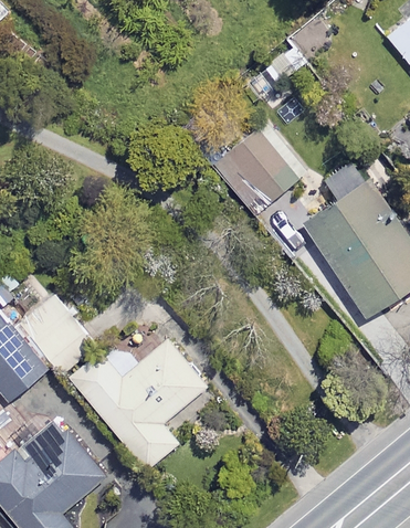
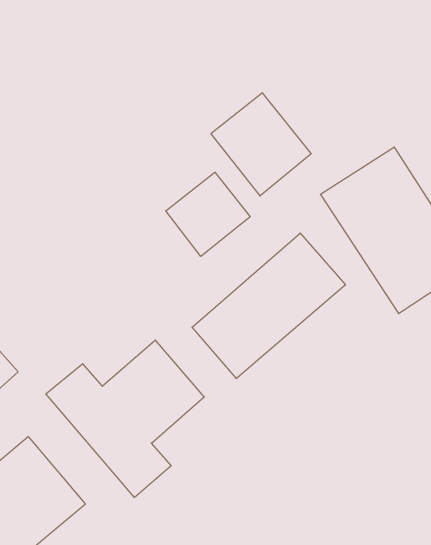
building: none -> [166,172,250,256]
building: none -> [192,233,345,379]

